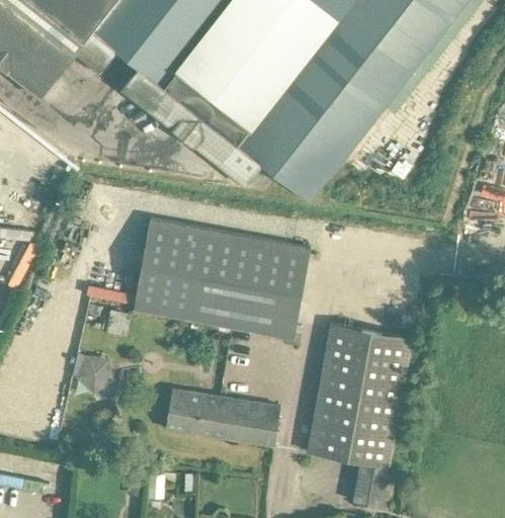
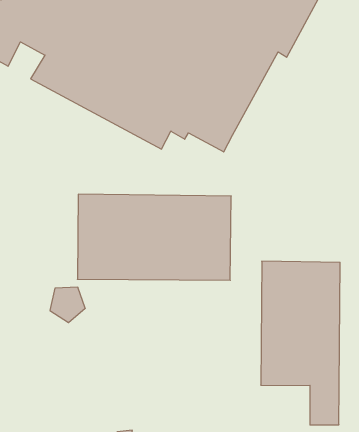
building: [76,354,113,393] -> [50,287,85,323]
building: [165,387,280,444] -> none

